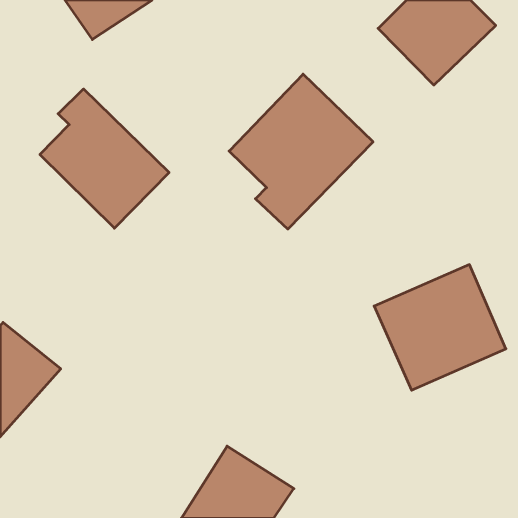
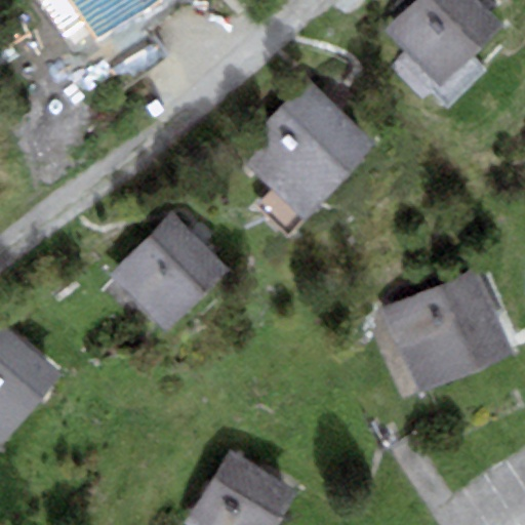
building: [40,89,169,228] -> none
building: none -> [107,211,229,333]

